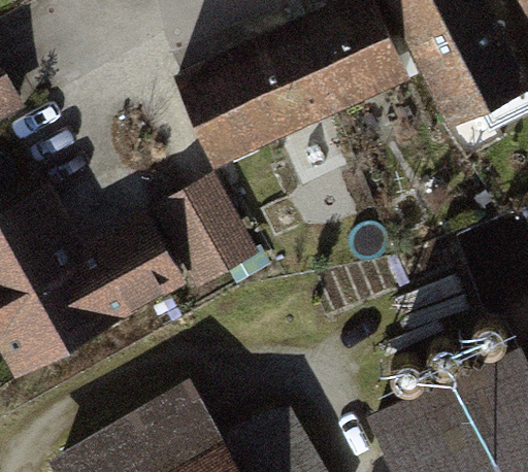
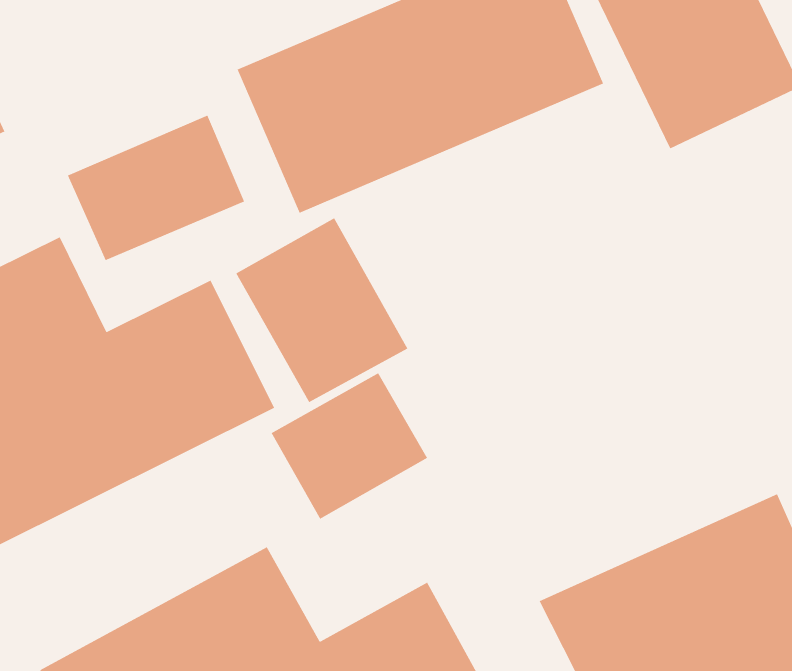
building: none -> [67,115,245,261]
building: none -> [271,372,428,520]

